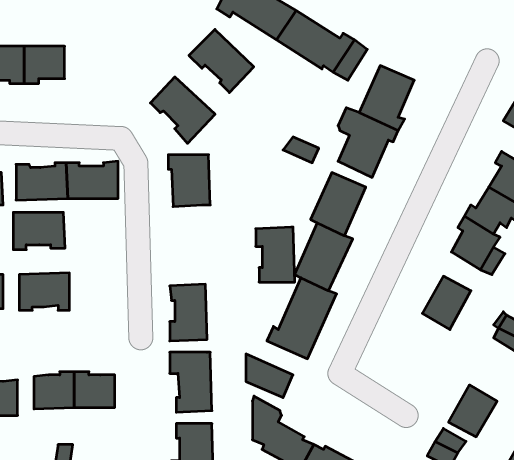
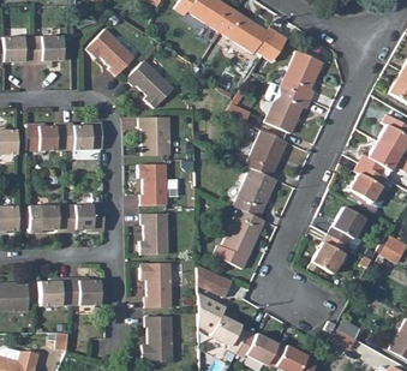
building: [189,29,254,93] -> [86,30,134,77]
building: [13,212,65,250] -> [66,205,104,233]
building: [256,227,295,282] -> [138,164,167,205]
building: [449,385,497,437] -> [312,235,348,274]

